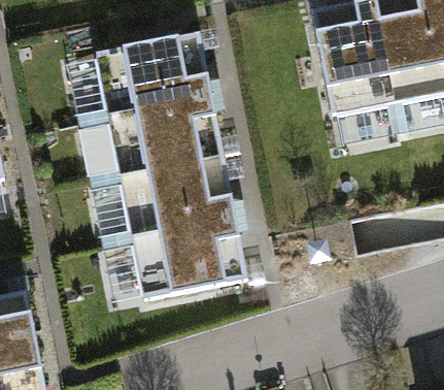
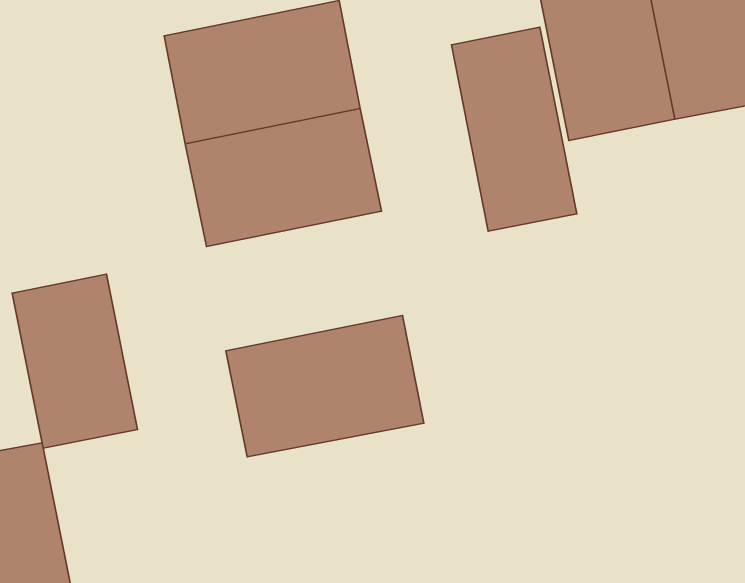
building: none -> [451,27,577,231]
building: [122,160,236,241] -> none
building: none -> [12,274,138,448]

